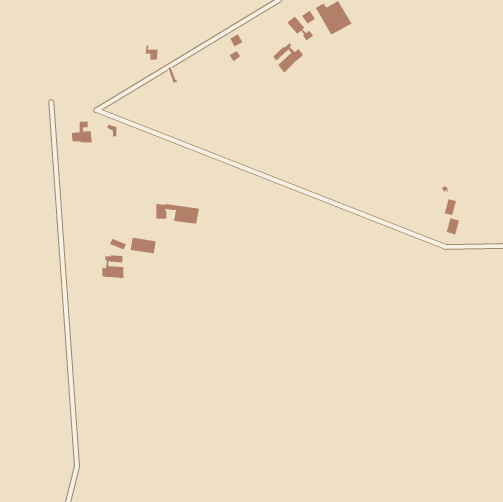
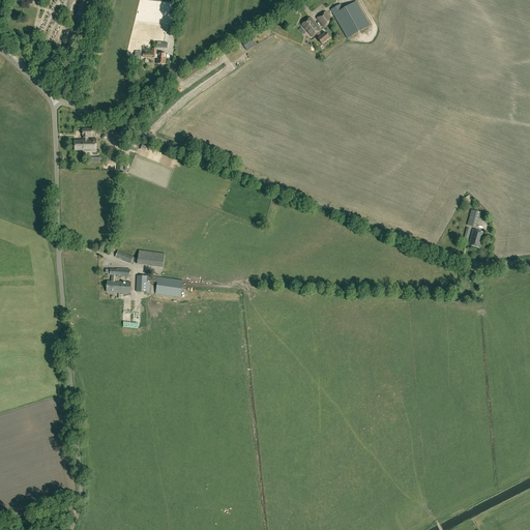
building: [272,42,304,73] -> none
building: [156,203,200,224] -> [137,274,183,296]

